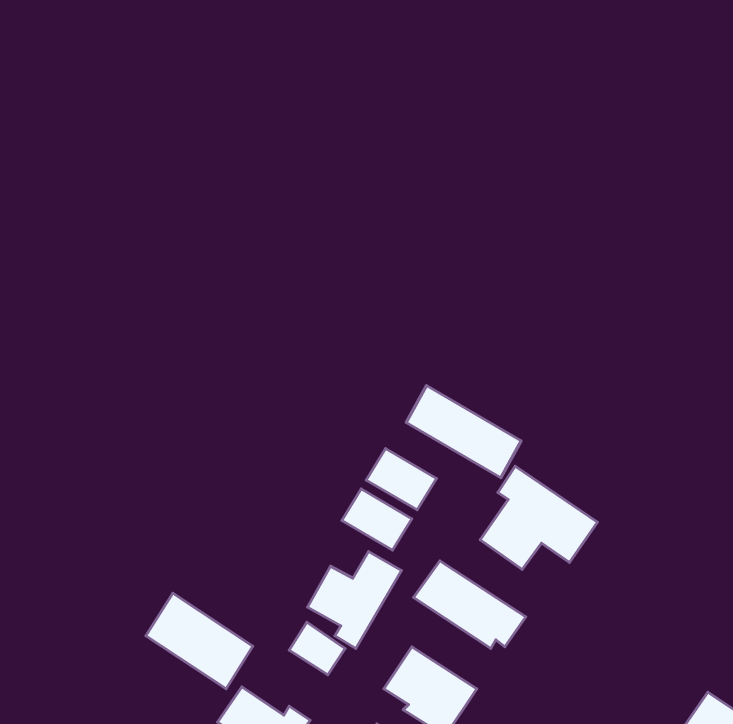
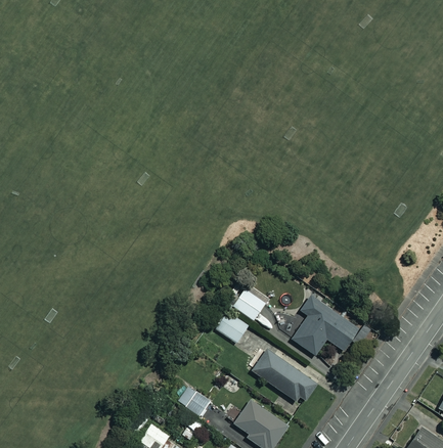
building: [406,385,521,478] -> none
building: [308,551,402,648] -> none
building: [146,593,253,689] -> none

